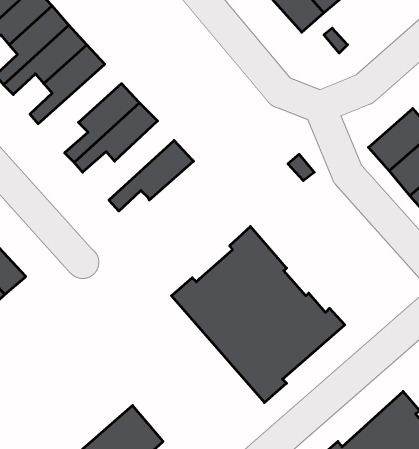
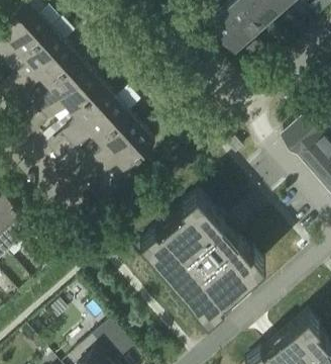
building: none -> [43,73,104,123]
building: none -> [89,114,142,172]

